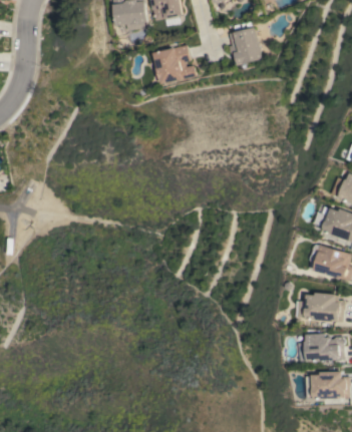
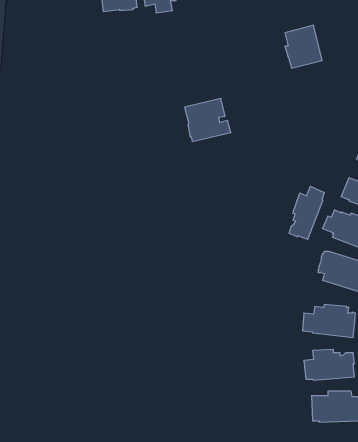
building: [227,27,261,66] -> [285,25,322,68]
building: [152,45,195,84] -> [185,98,231,141]
building: none -> [289,186,324,240]

